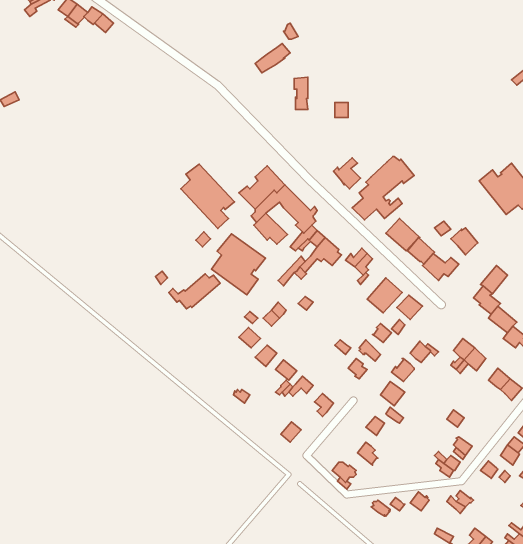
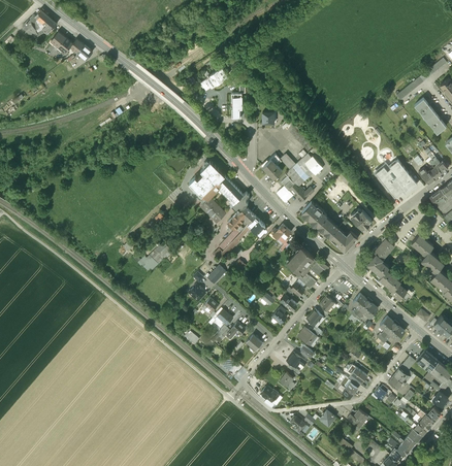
building: [181,164,234,228] -> none
building: [211,234,265,295] -> none

